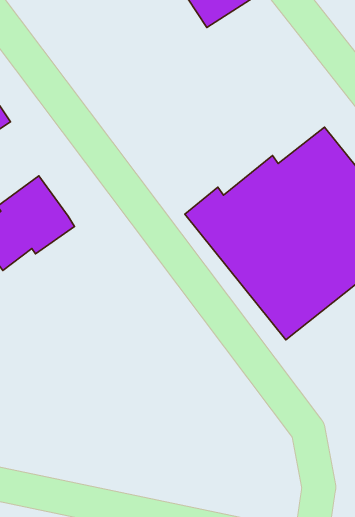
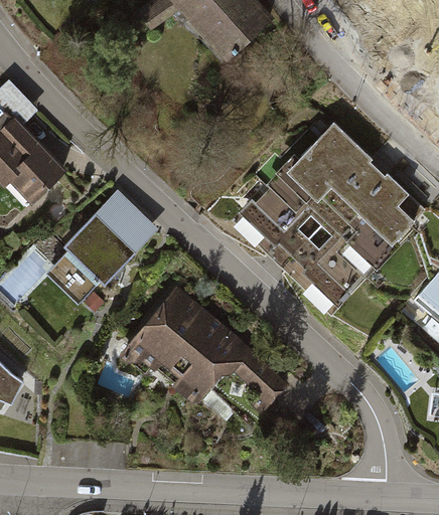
building: none -> [95,189,156,249]
building: none -> [116,284,289,402]

